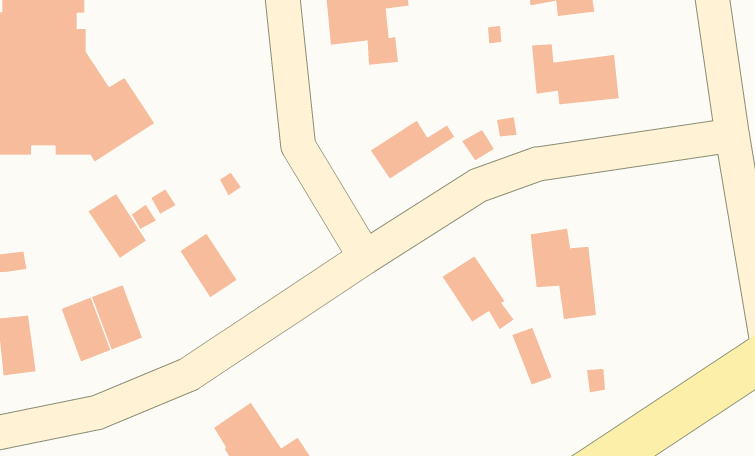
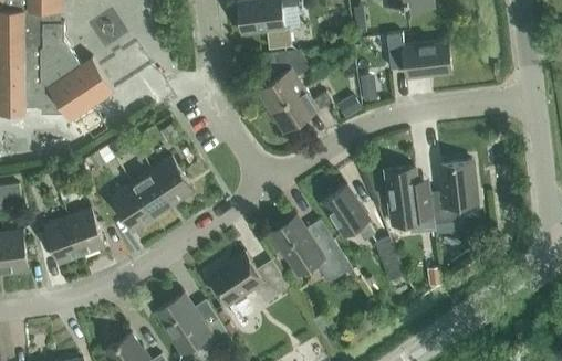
building: none -> [256,50,309,110]
building: [87,193,147,259] -> [110,183,153,231]
building: none -> [150,157,194,204]
building: none -> [429,160,476,224]
building: none -> [271,219,350,283]
building: none -> [207,253,289,305]

